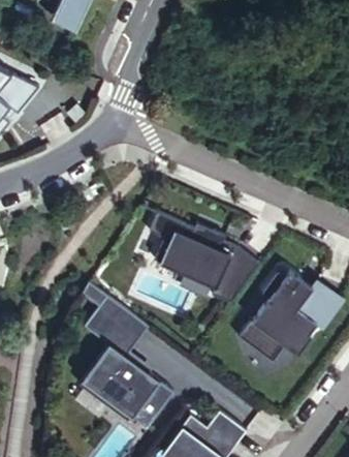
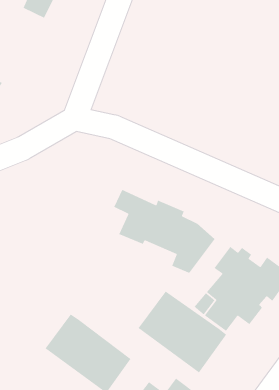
building: [81,285,146,343] -> none
building: none -> [137,290,227,374]

